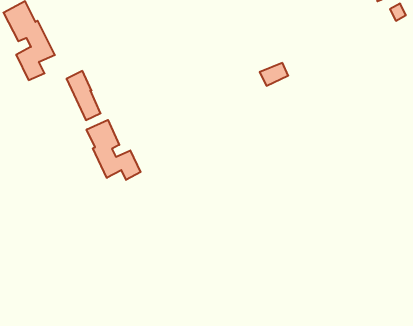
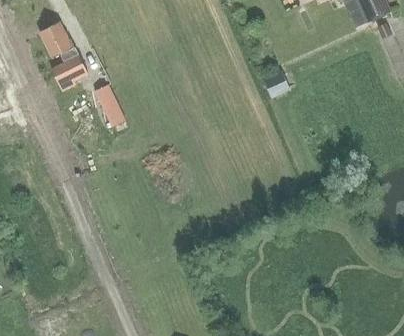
building: [87,120,141,180] -> none

